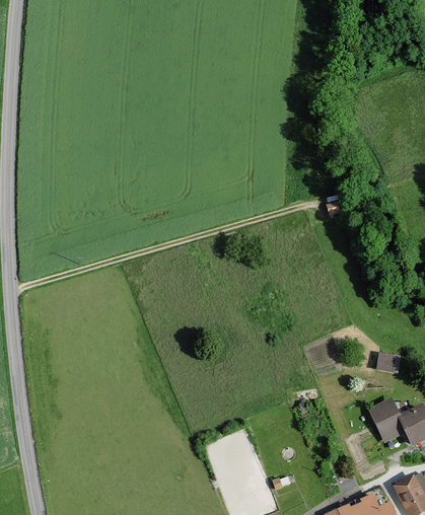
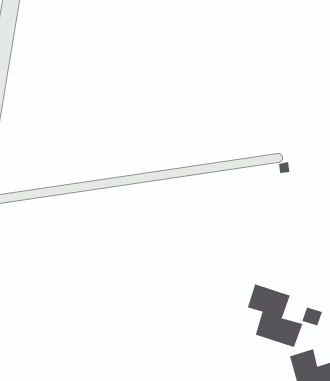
building: none -> [247,284,303,348]

